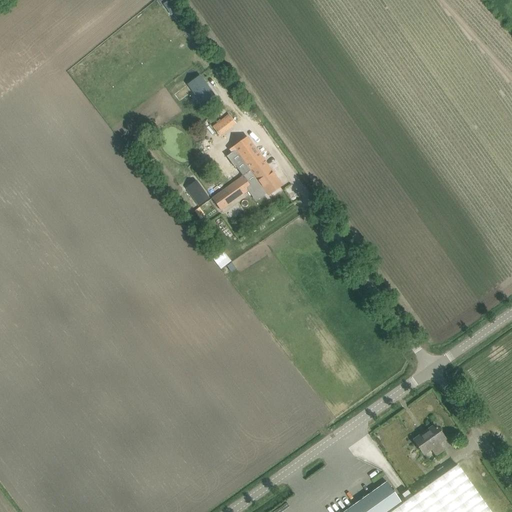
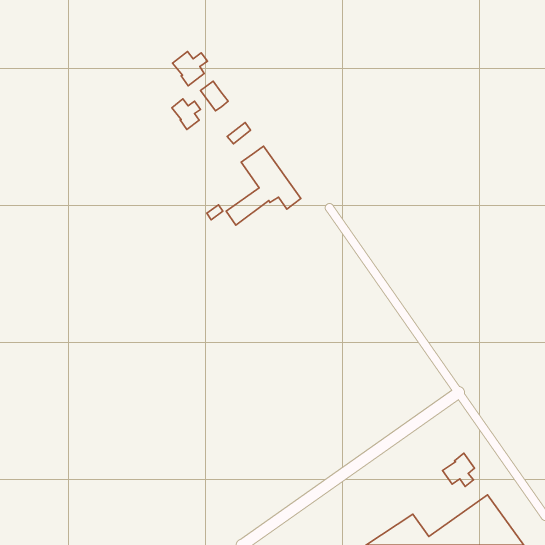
building: none -> [173,52,207,86]
building: none -> [172,99,200,130]

